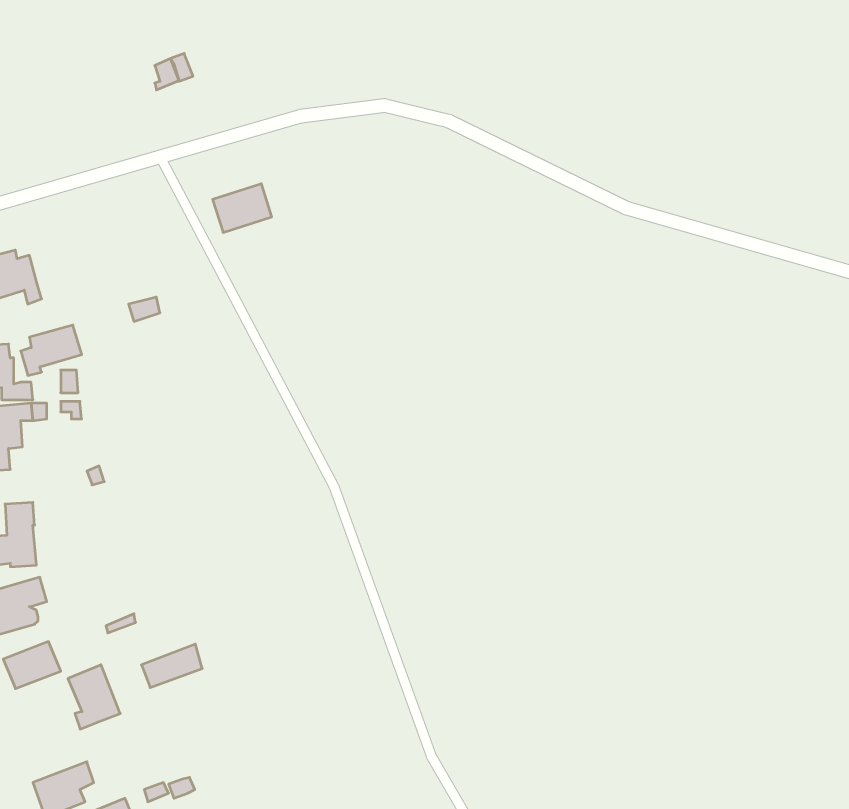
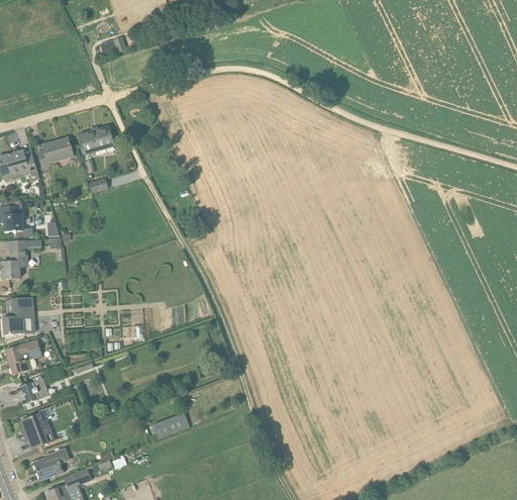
building: [213,184,272,232] -> [79,125,113,154]
building: [21,325,82,375] -> [36,137,72,167]
building: [141,644,202,688] -> [152,412,188,437]
building: [68,665,120,729] -> [23,411,54,448]

